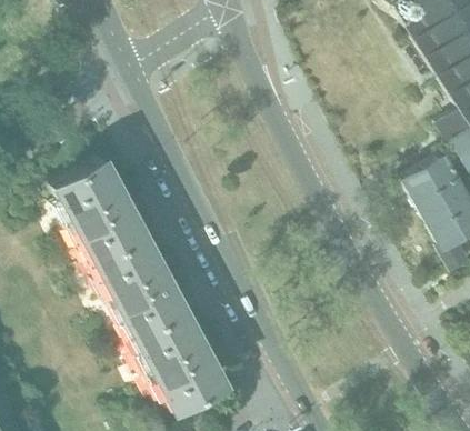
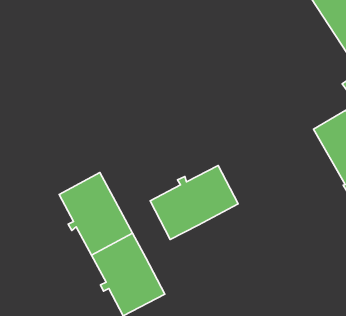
building: [54,158,144,260] -> none
building: none -> [150,165,238,239]

